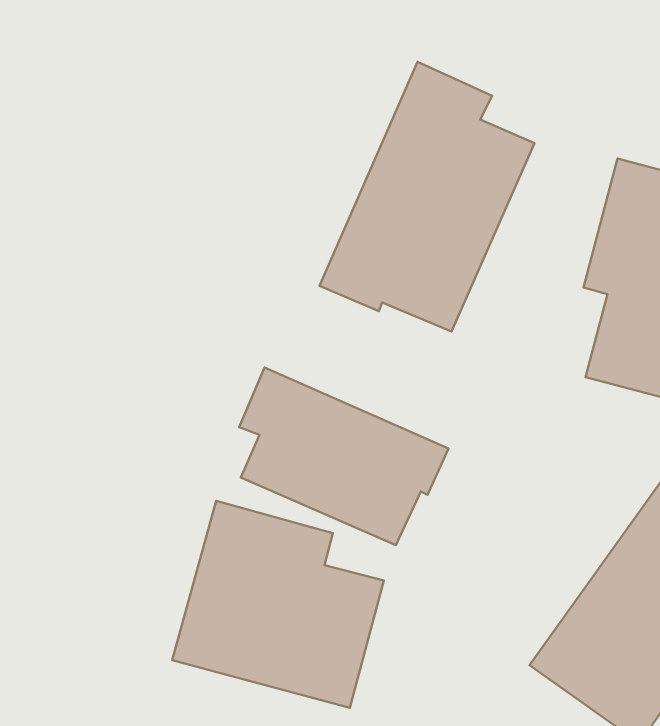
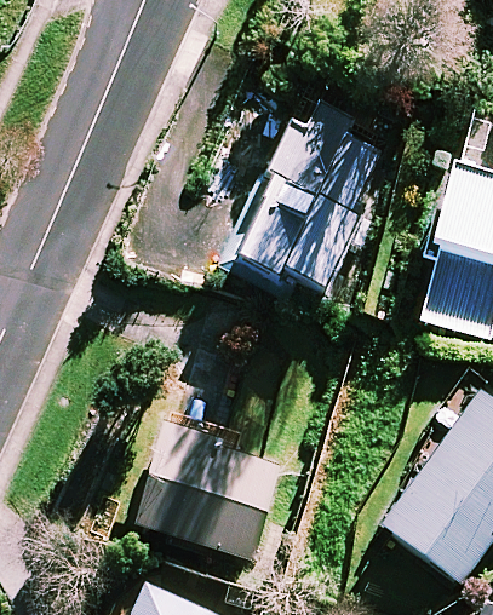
building: [239,368,448,545] -> none

